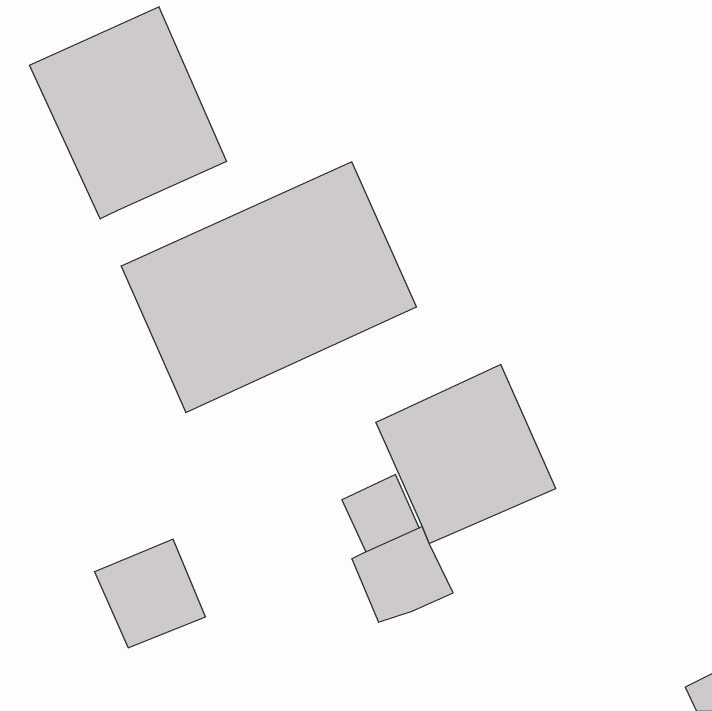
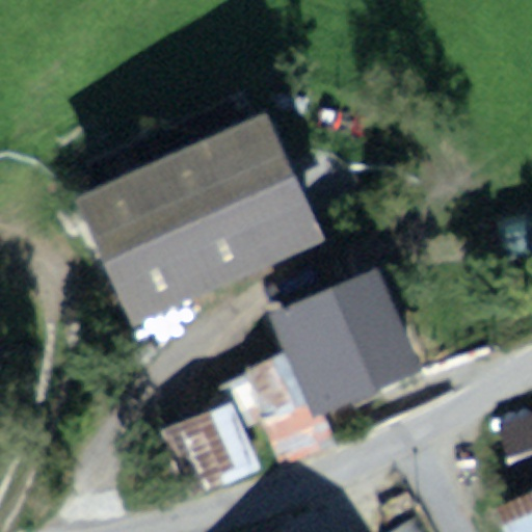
building: [30,7,226,219] -> none
building: [94,539,206,648] -> [174,403,256,483]

